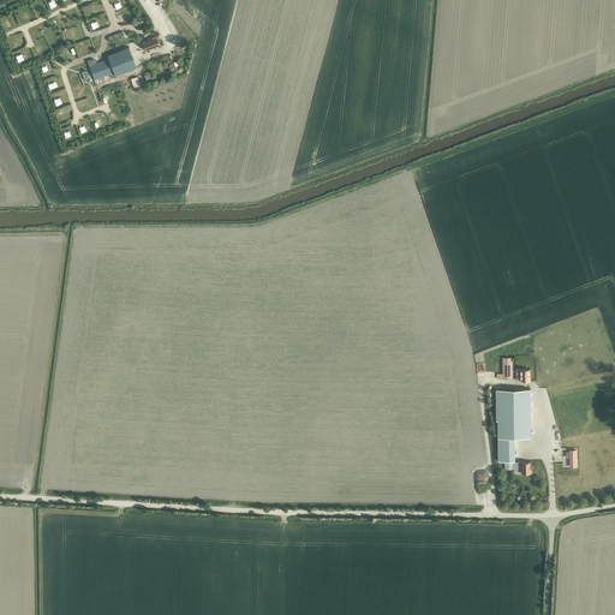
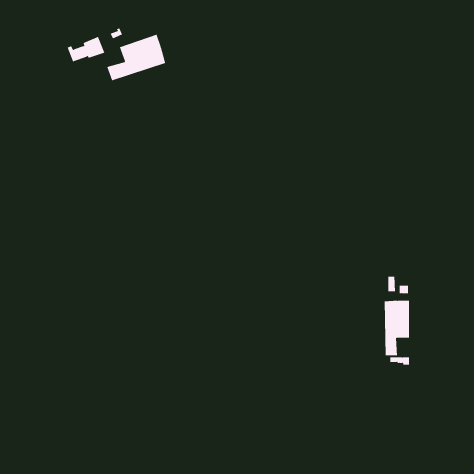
building: none -> [107,34,166,81]

